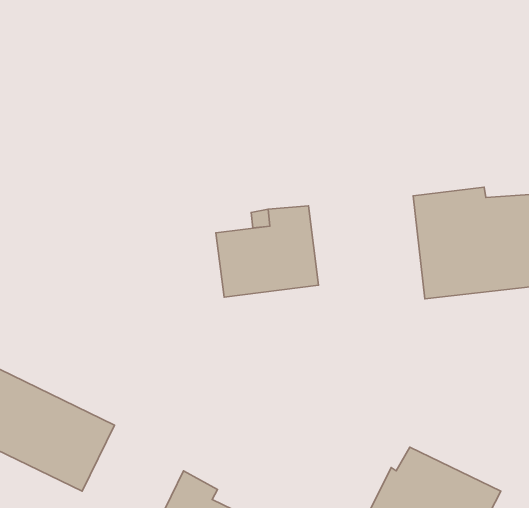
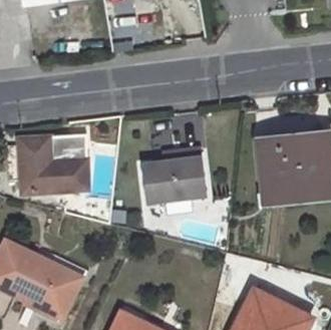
building: none -> [19,135,90,194]

